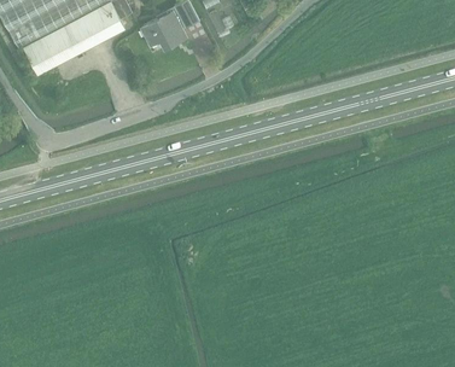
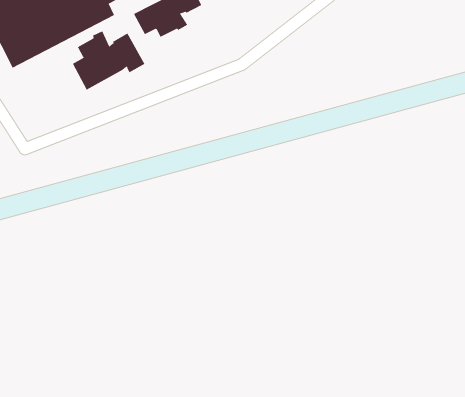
building: none -> [72,30,145,90]

